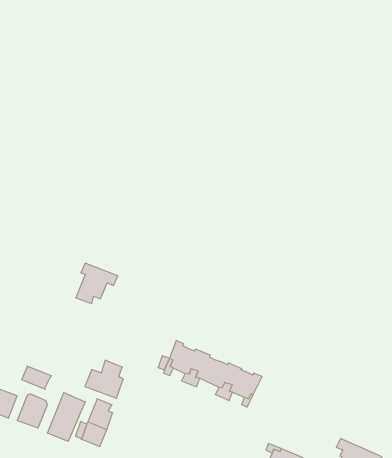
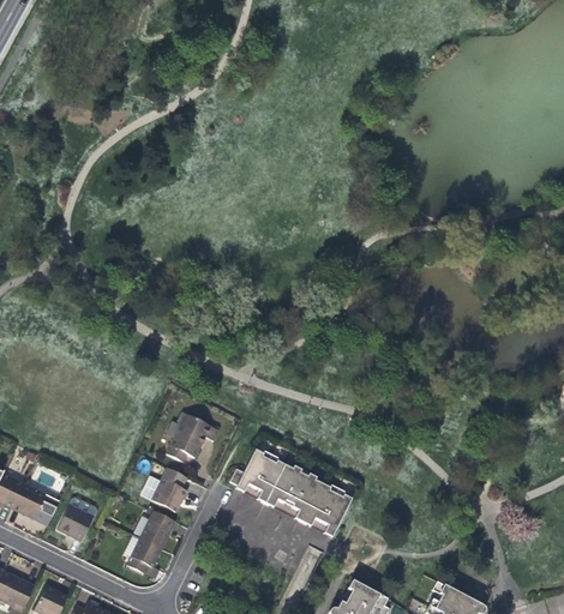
building: [76,263,118,304] -> [166,415,217,463]
building: [22,366,51,389] -> none
building: [48,392,85,441] -> none

